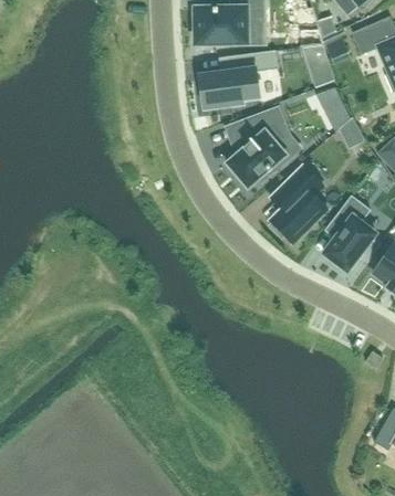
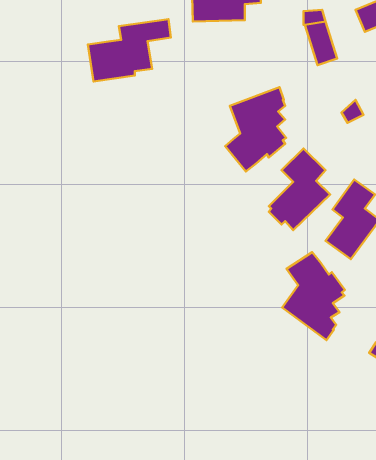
building: [198,50,278,109] -> [88,19,171,81]
building: [316,86,350,129] -> none
building: none -> [282,252,345,340]

